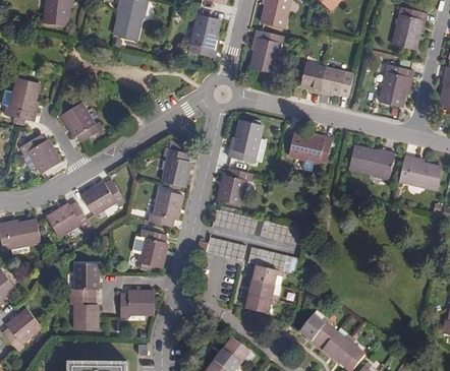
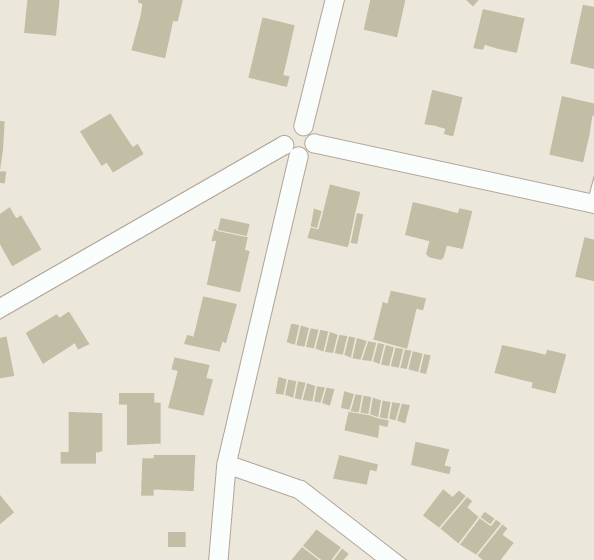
building: [251,28,282,73] -> none
building: [320,65,353,94] -> [473,9,526,53]
building: [59,102,101,140] -> [79,112,145,173]
building: [345,145,392,177] -> [494,344,567,394]
building: [216,167,250,204] -> [372,290,427,349]
building: [80,179,124,213] -> none
building: [246,276,273,298] -> [410,441,452,475]
building: [69,298,97,331] -> [118,392,162,445]

